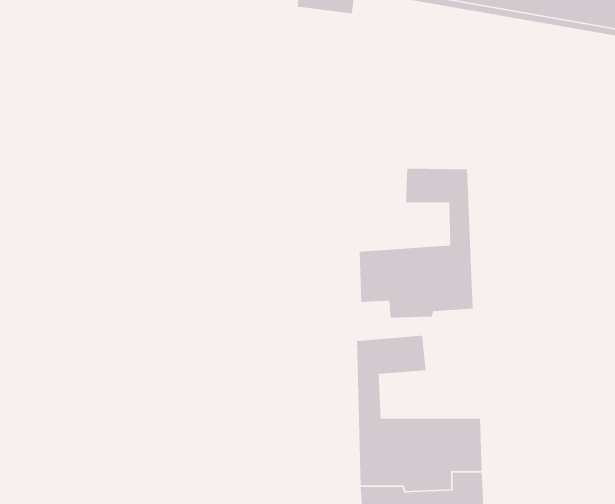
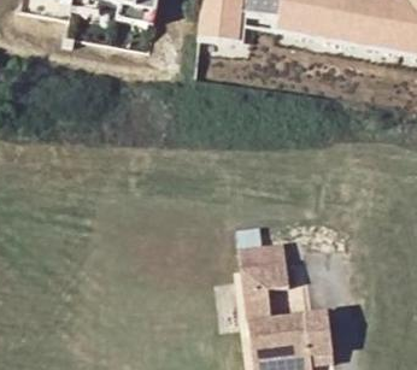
building: [359,168,474,318] -> none

